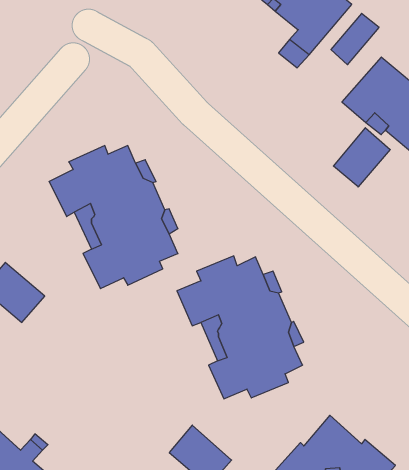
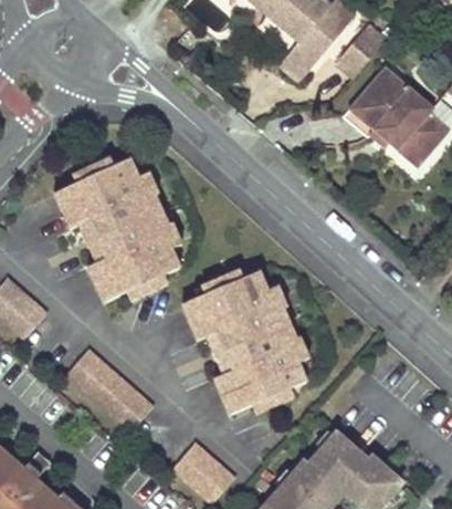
building: [333,128,390,187] -> none
building: none -> [66,349,154,432]

